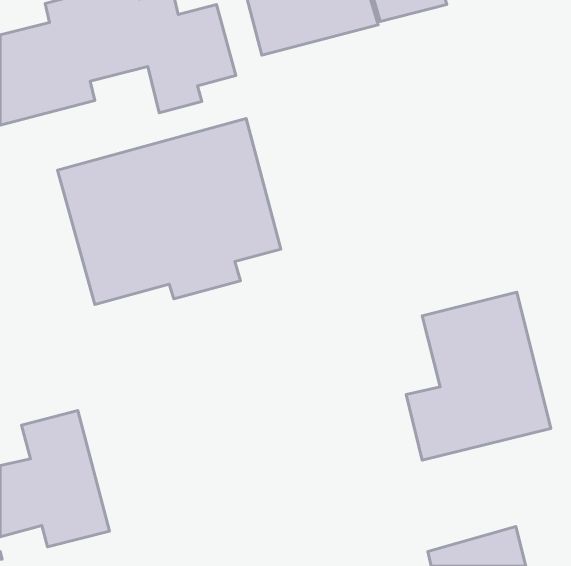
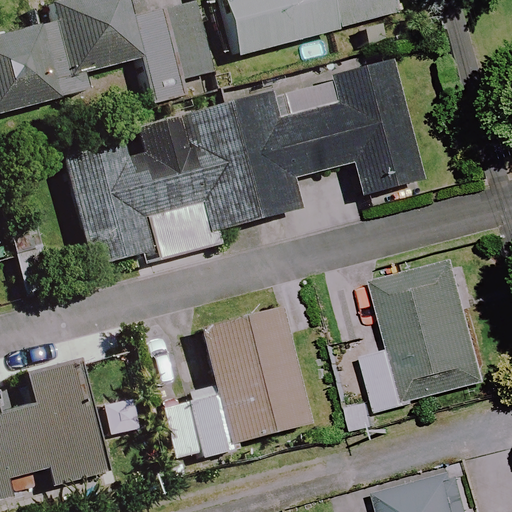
building: none -> [223,60,422,221]
building: none -> [160,304,315,457]

